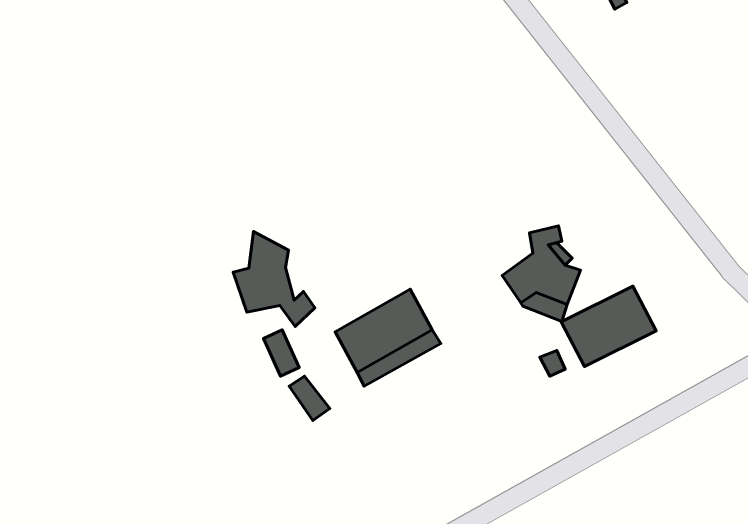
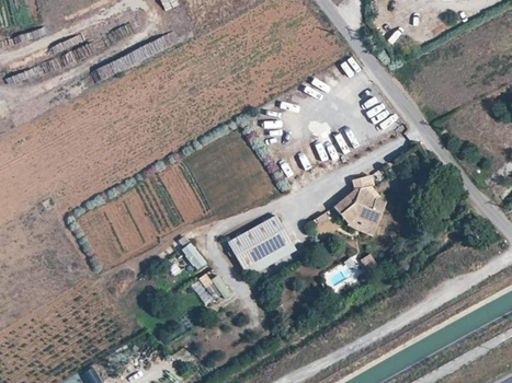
building: [233,232,315,326] -> none
building: [561,286,656,367] -> none

